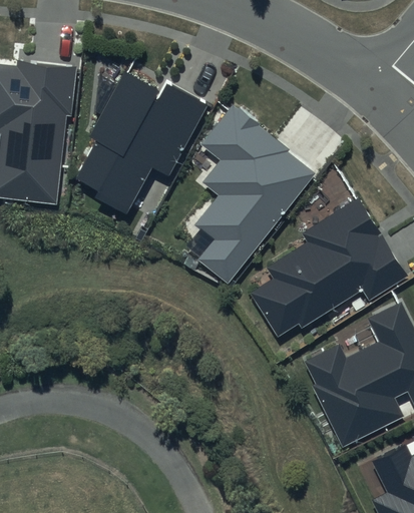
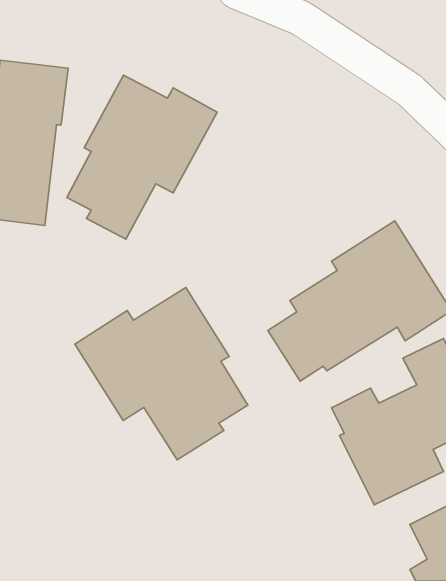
building: [195,102,320,284] -> none
building: none -> [75,288,248,460]

